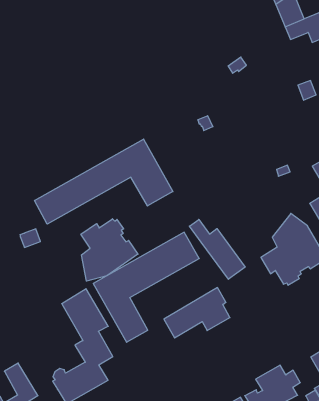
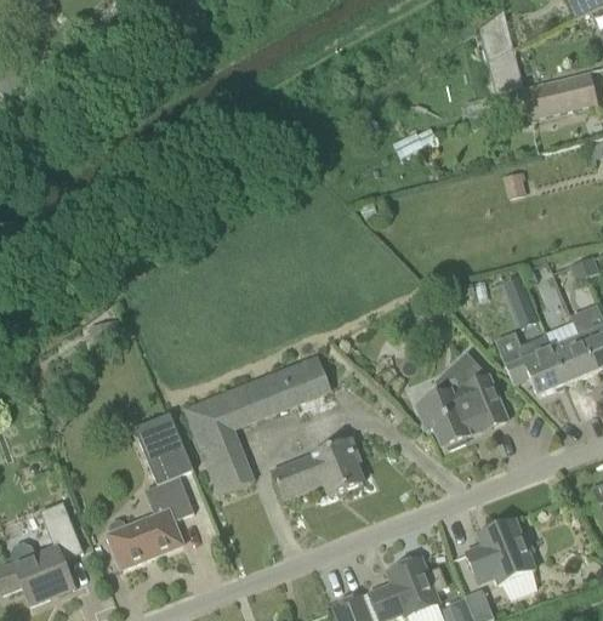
building: [35,139,173,224] -> none
building: [81,219,138,281] -> none
building: [189,219,245,279] -> none

